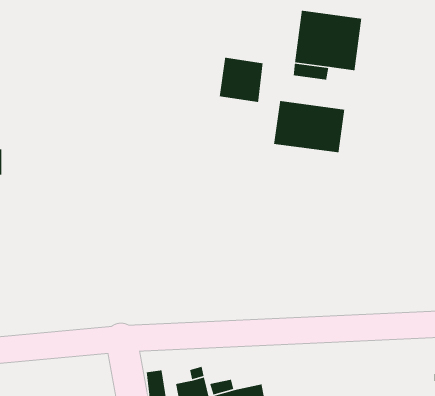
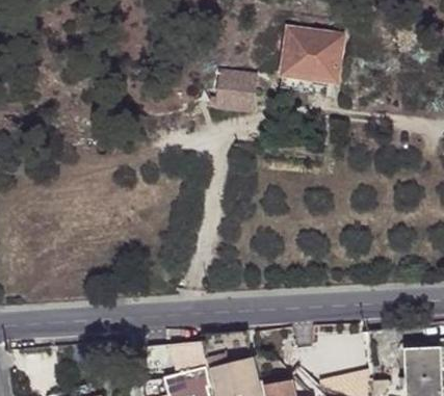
building: [273,100,345,153] -> none

